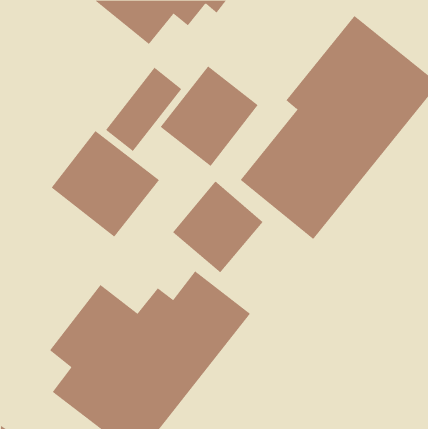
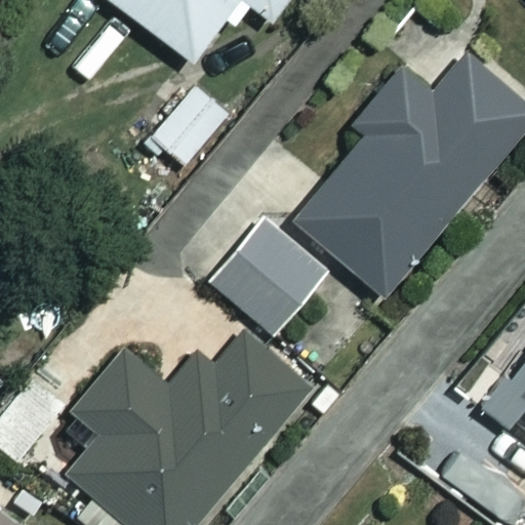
building: [160,66,258,167] -> none
building: [51,130,160,238] -> none

